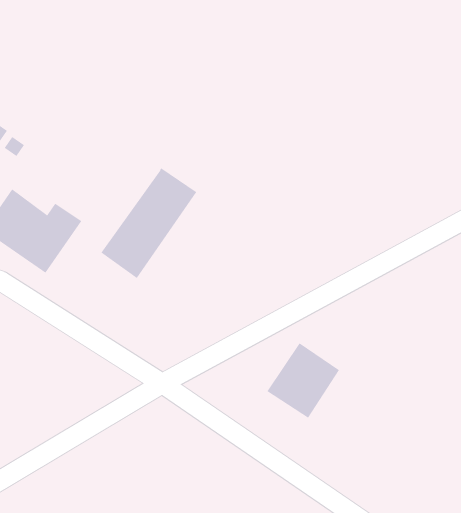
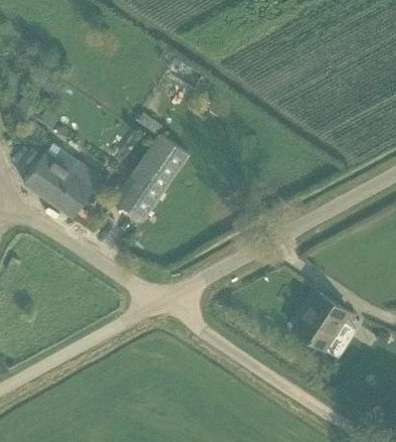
building: [267,343,340,419] -> [291,292,348,350]

